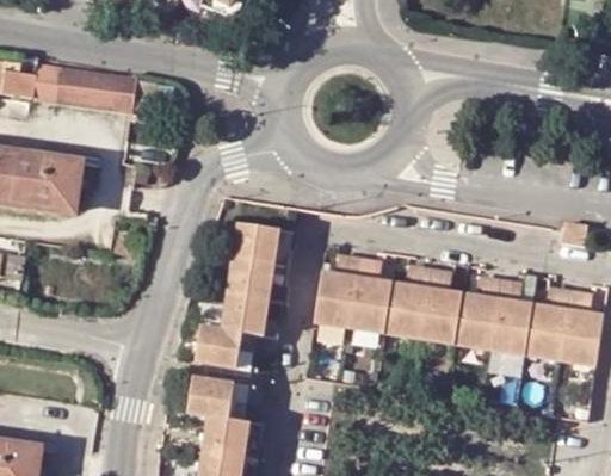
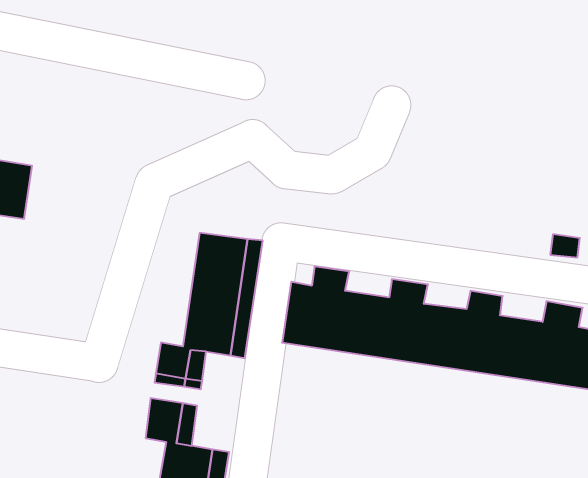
building: [58,67,136,111] -> none

